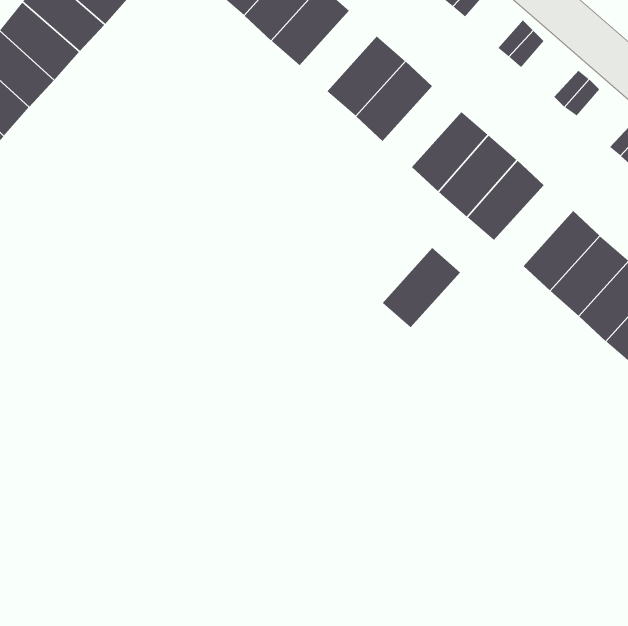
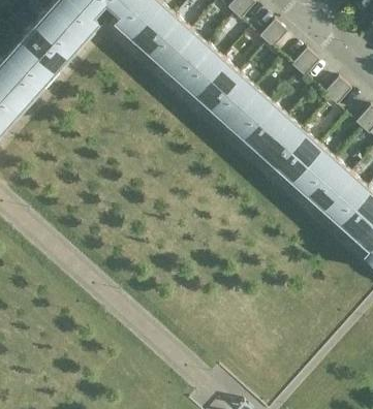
building: none -> [179,45,223,92]
building: none -> [226,89,272,135]
building: [382,247,461,328] -> [290,146,336,192]

